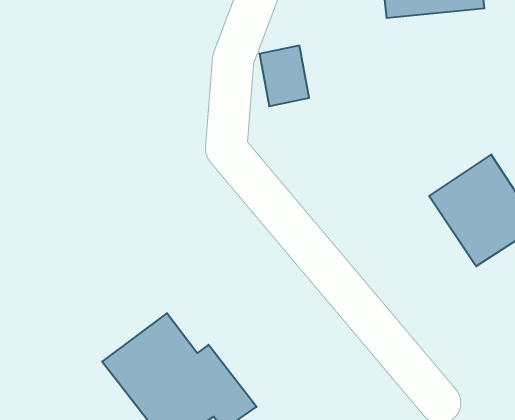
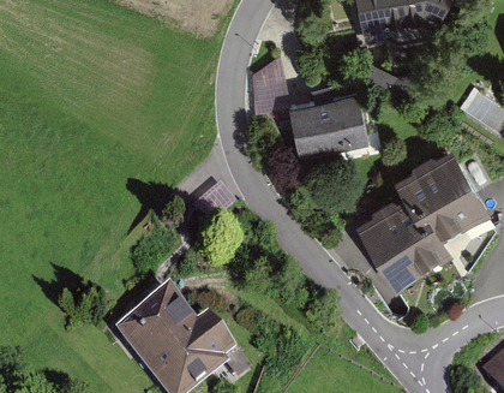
building: none -> [289,95,368,160]
building: none -> [355,198,445,292]

